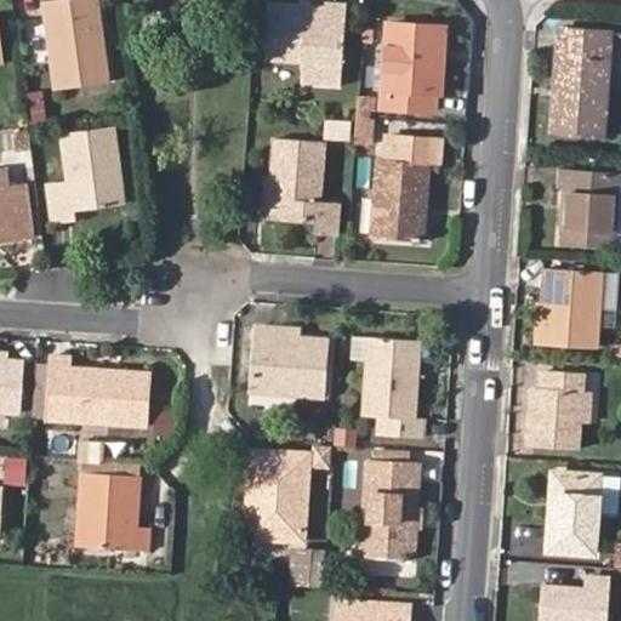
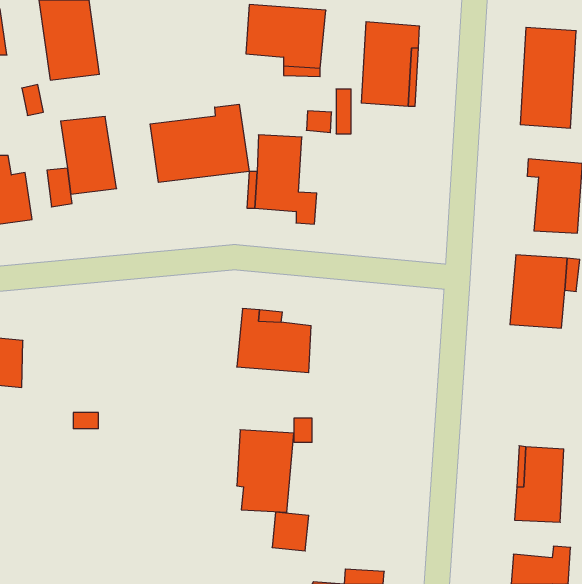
building: none -> [150,104,249,182]
building: [374,138,443,244] -> none
building: [361,341,411,439] -> none
building: [45,357,154,423] -> none
building: [526,372,582,451] -> none
building: [358,462,416,562] -> none
building: [82,472,158,548] -> none

